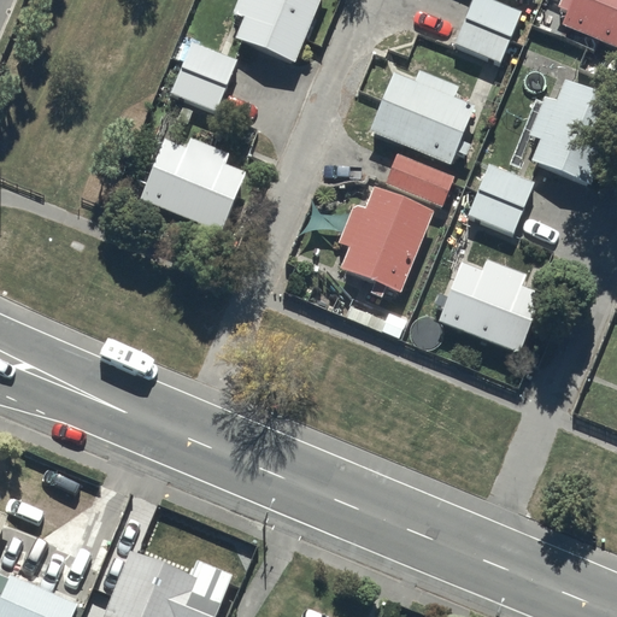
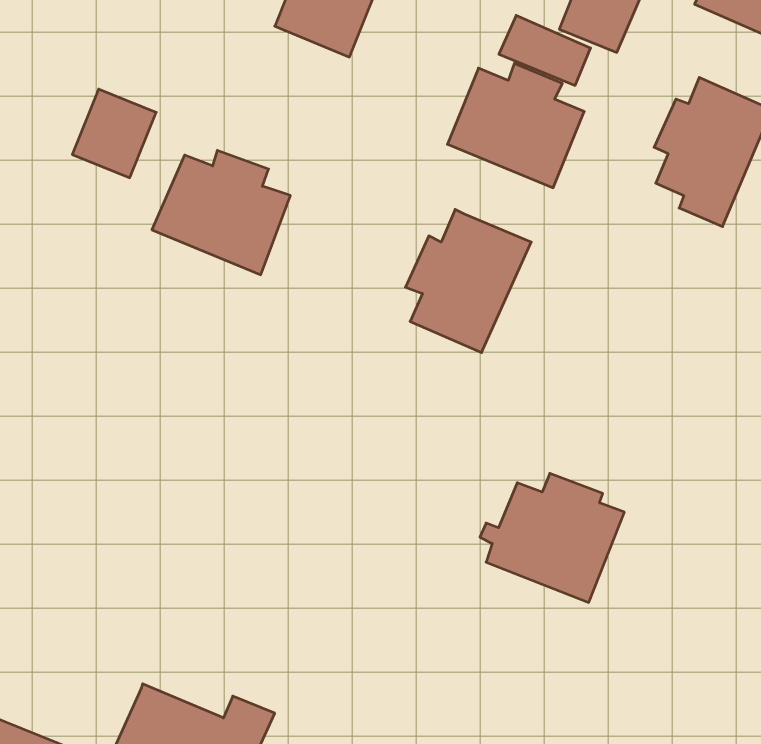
building: [171,41,236,110] -> [72,89,156,178]
building: [383,151,454,205] -> [499,15,591,85]
building: [468,161,534,233] -> none
building: [434,253,546,353] -> [480,473,624,602]

